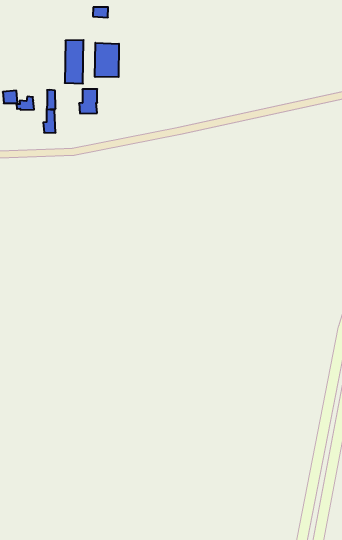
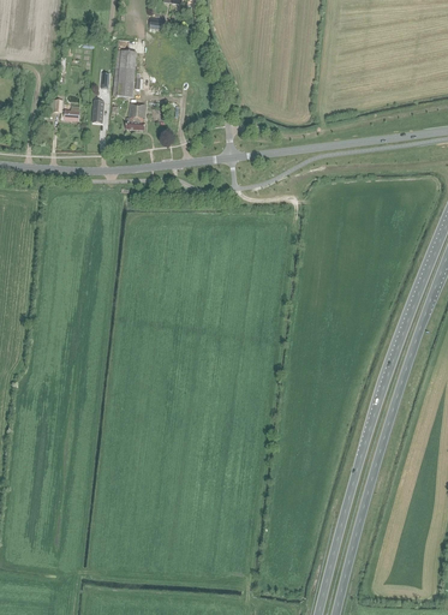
building: [95,43,119,77] -> none

